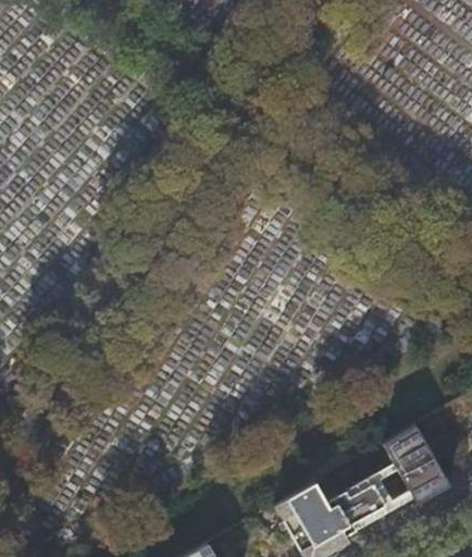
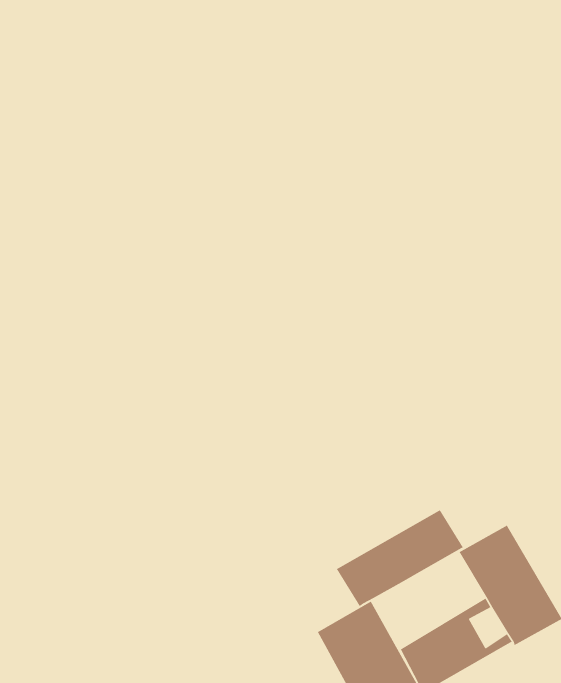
building: none -> [336,509,464,607]

